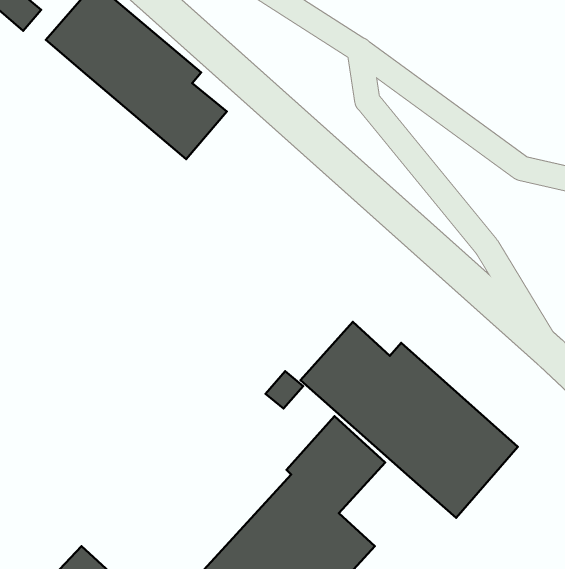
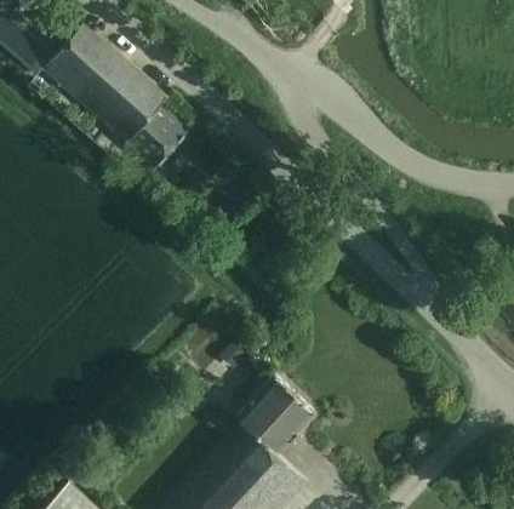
building: [301,322,518,518] -> none

